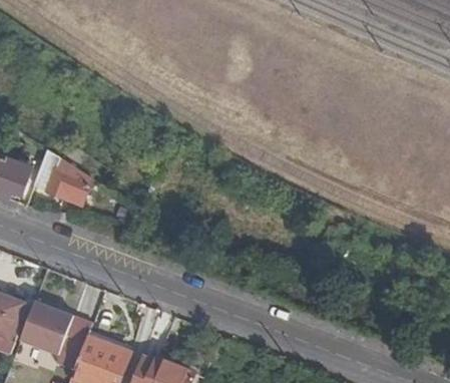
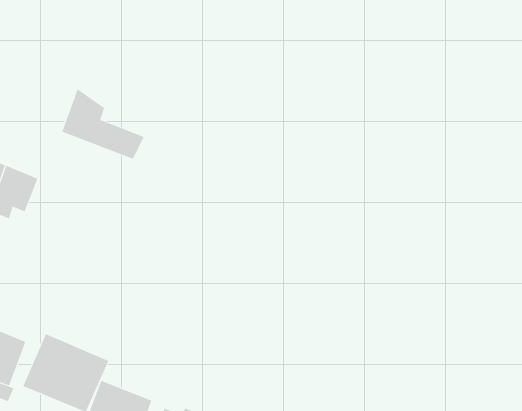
building: [33,149,102,209] -> [62,89,144,159]

